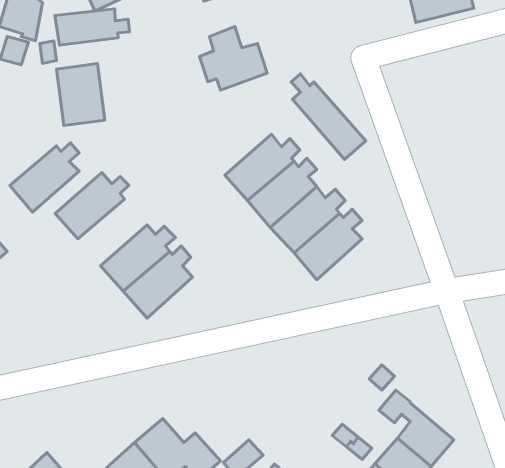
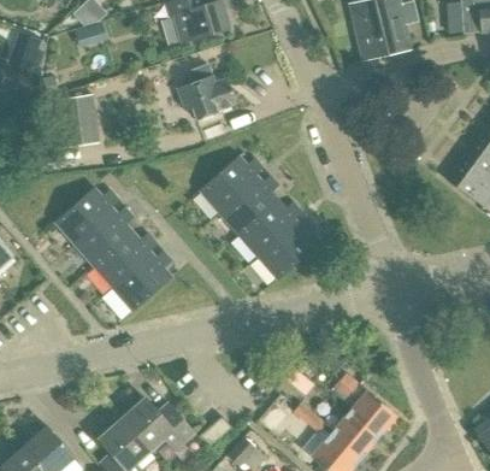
building: [55,9,130,45] -> none
building: [291,74,366,160] -> none
building: [10,143,79,212] -> [75,208,134,267]

